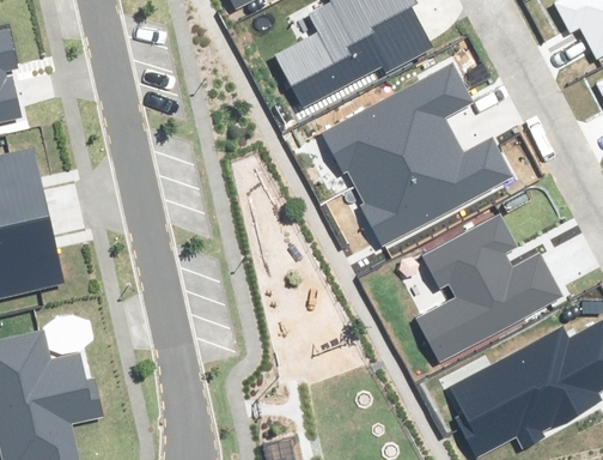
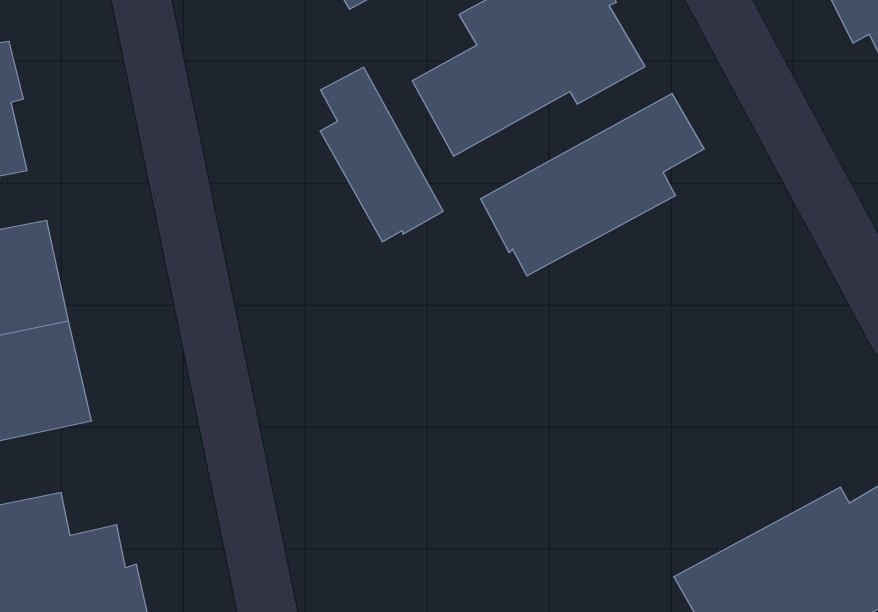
building: none -> [320,67,443,242]
building: [353,132,511,244] -> none
building: [416,213,560,361] -> none

